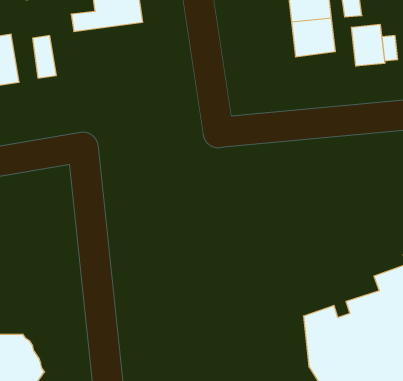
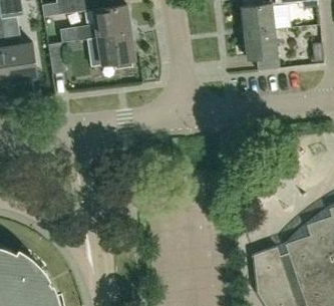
building: none -> [79,33,134,68]
building: [351,24,385,66] -> none

